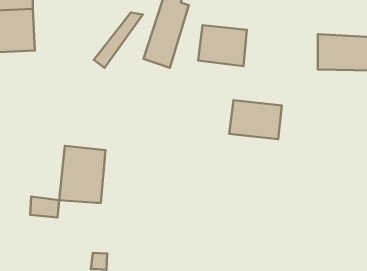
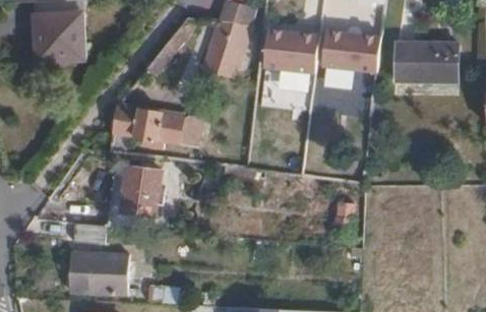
building: none -> [115,106,191,143]
building: [229,100,282,139] -> [323,33,382,76]
building: none -> [75,254,126,296]

